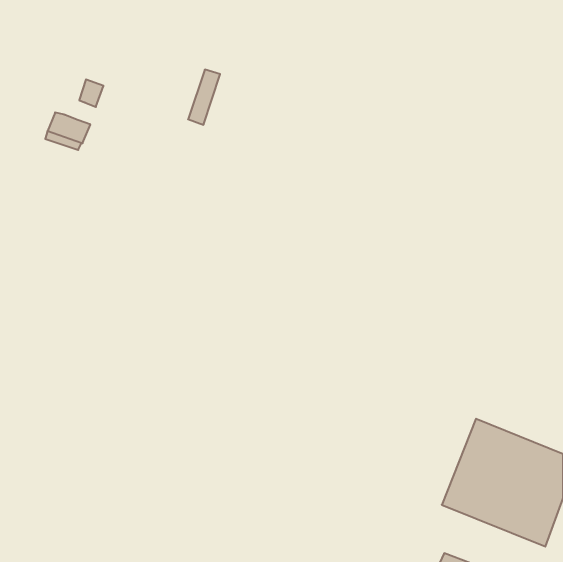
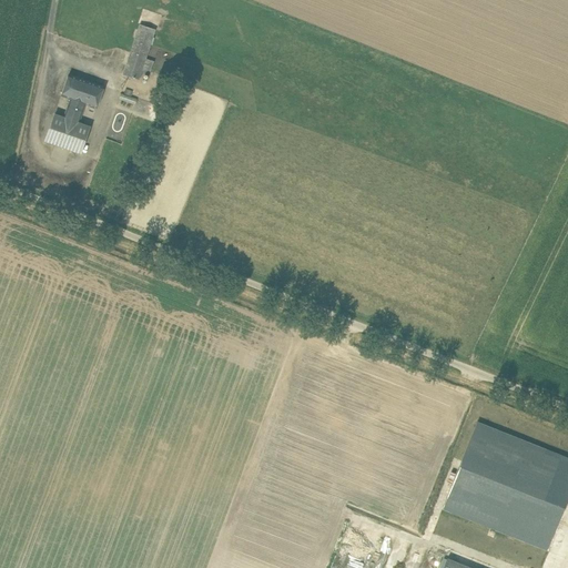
building: [188,70,220,125] -> [123,26,155,81]
building: none -> [61,75,87,122]

